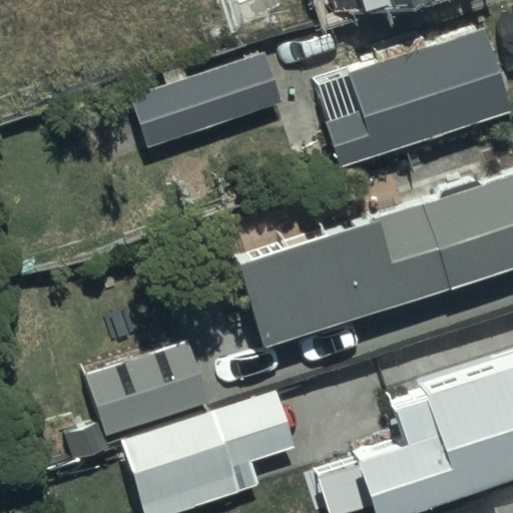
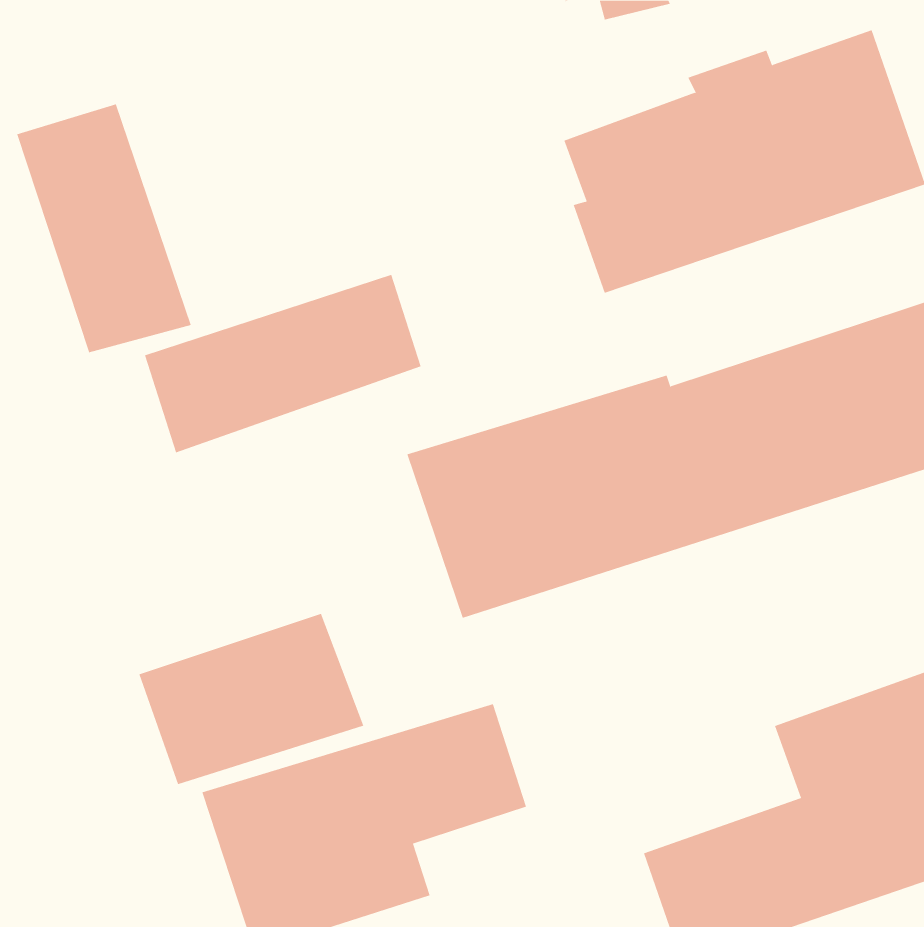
building: [131,53,282,150] -> [144,274,421,453]
building: none -> [17,104,192,353]

